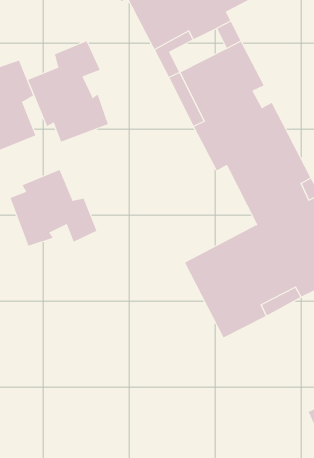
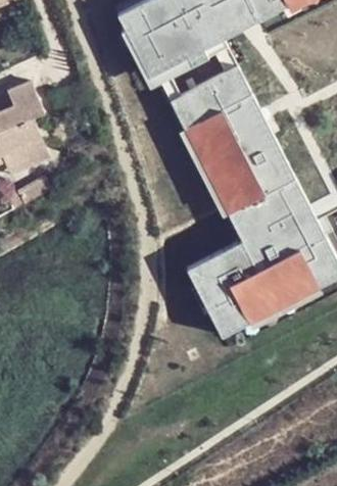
building: [28,40,108,142] -> none
building: [10,169,97,246] -> none

